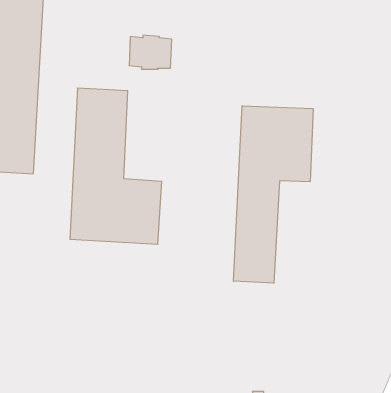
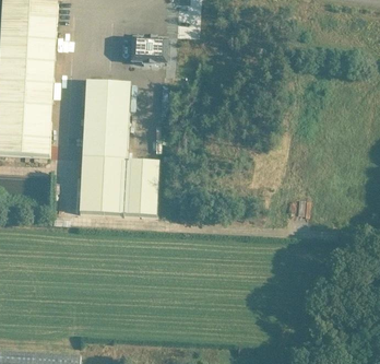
building: [233,106,313,283] -> none

